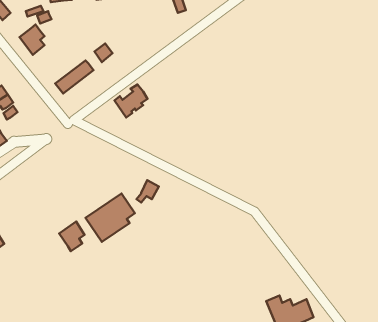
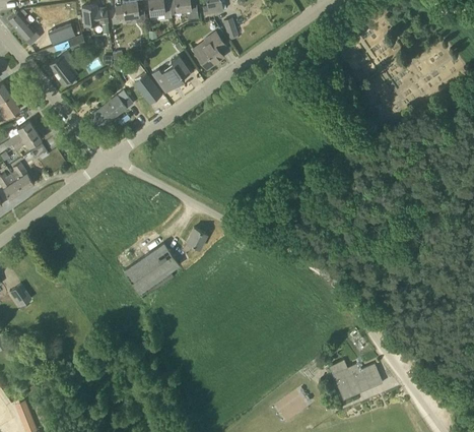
building: none -> [196,33,225,68]
building: [114,84,147,118] -> [152,56,190,94]
building: [59,221,85,251] -> none

